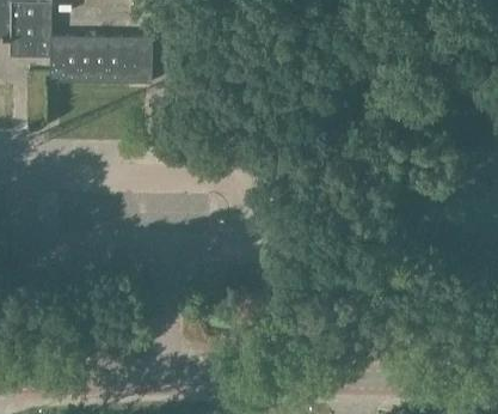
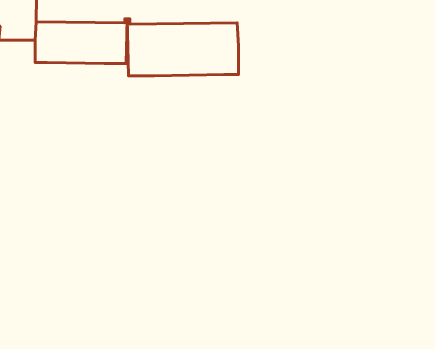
building: none -> [127,19,239,76]

